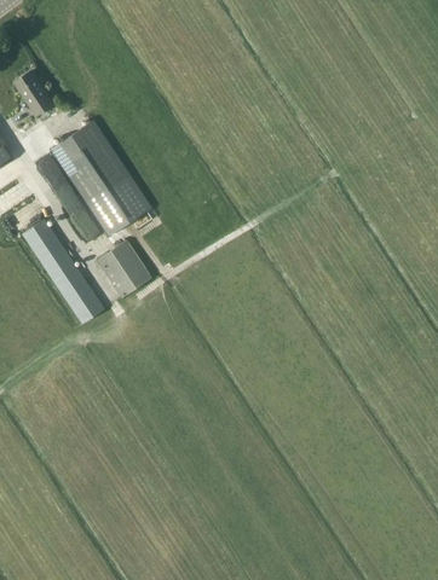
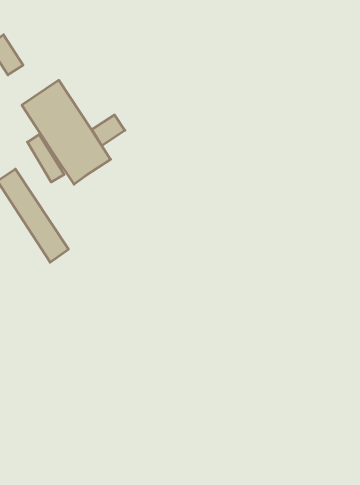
building: none -> [92,115,125,146]
building: [97,240,151,298] -> none

